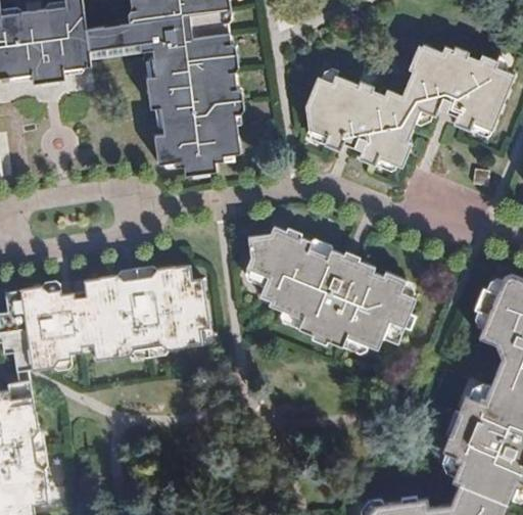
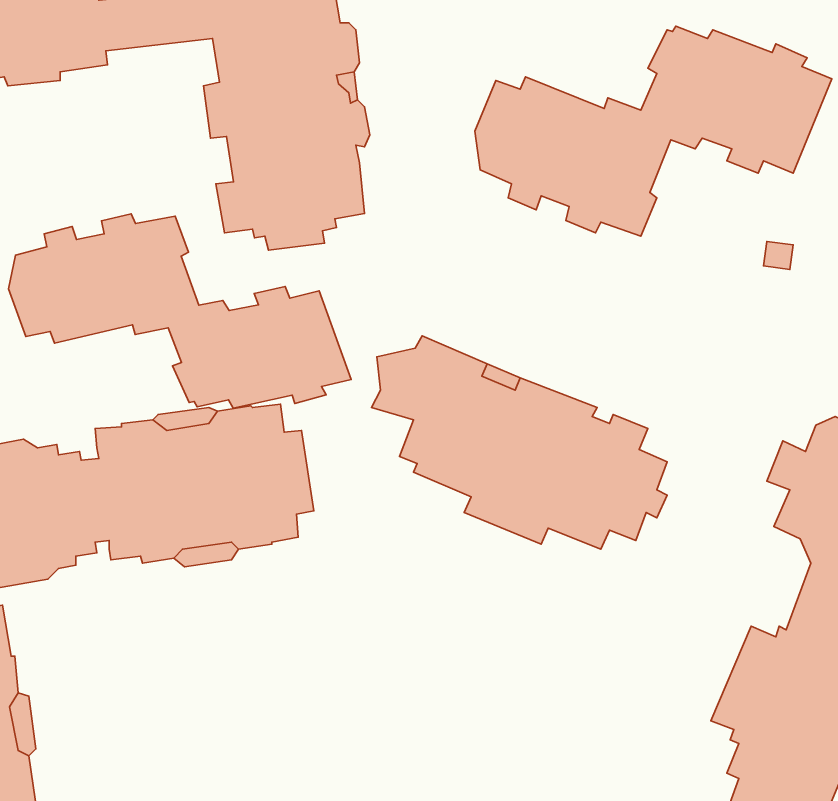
building: none -> [8,214,351,408]

